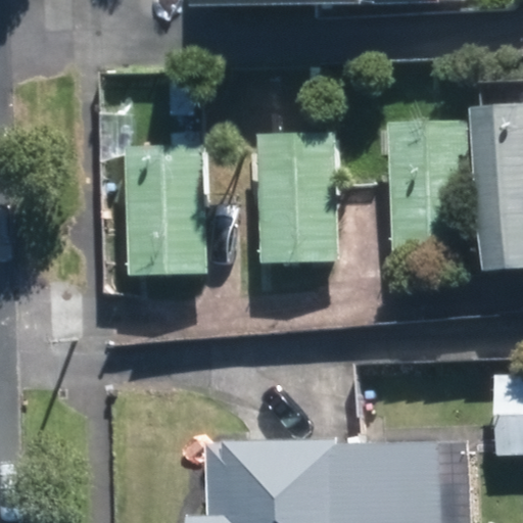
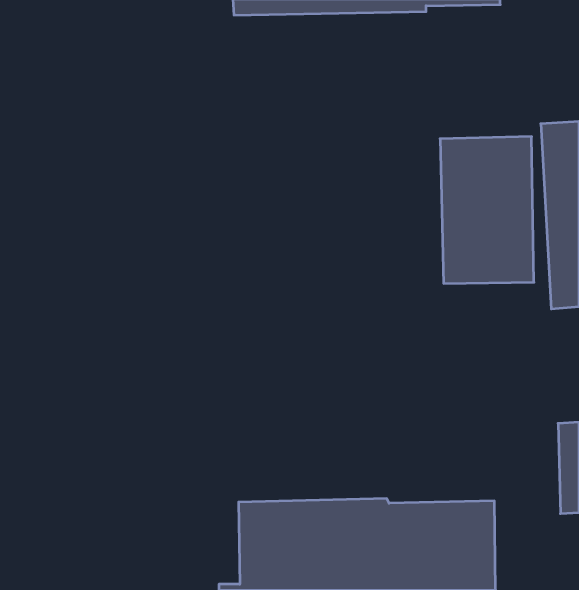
building: [256,132,340,264] -> none
building: [124,143,207,275] -> none

